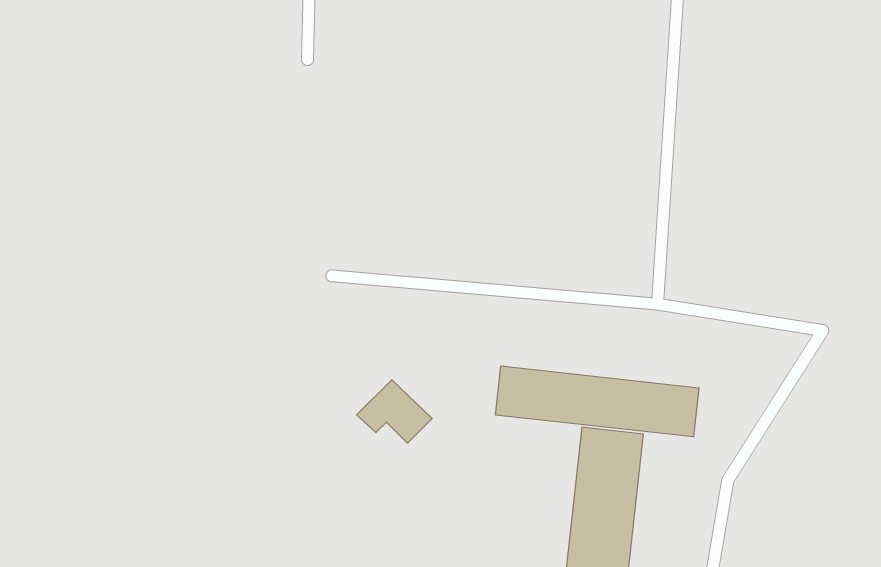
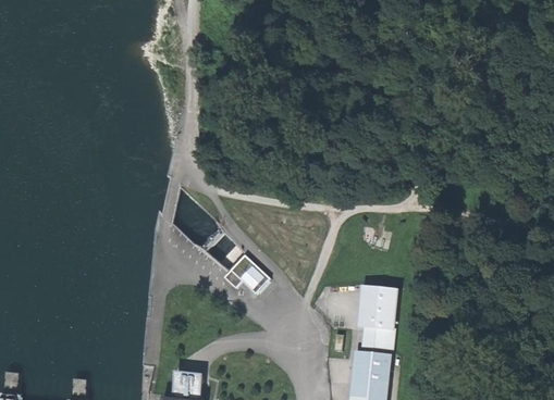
building: [496,366,699,437] -> none

